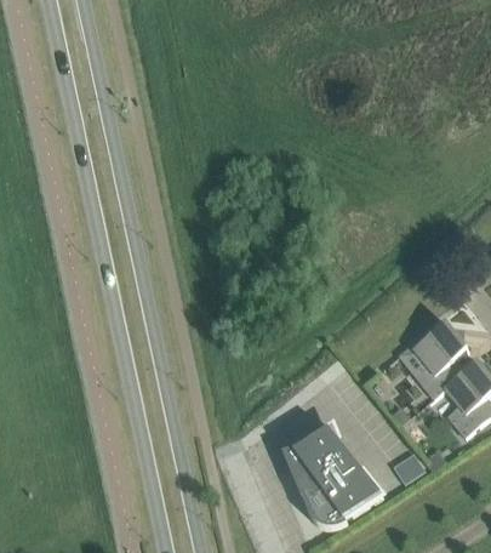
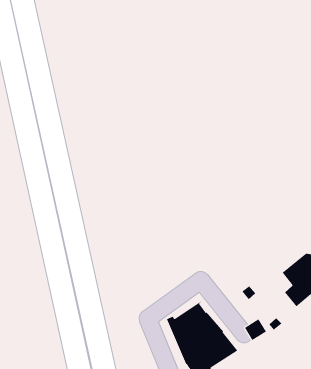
building: [398,319,476,394] -> none

